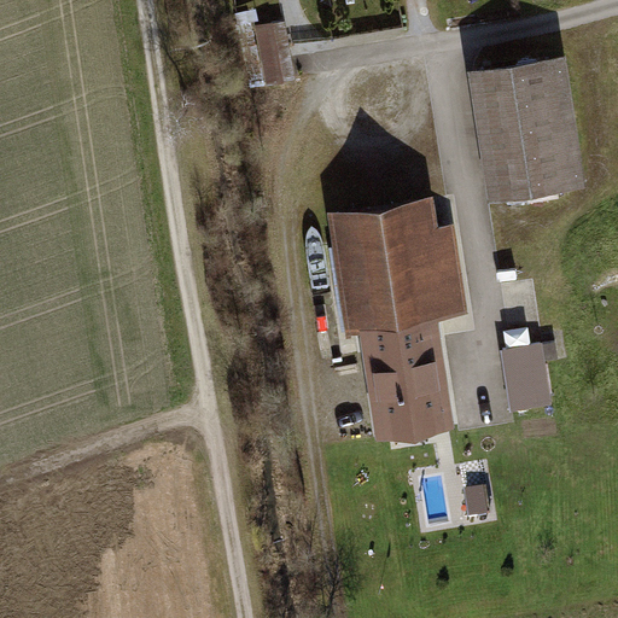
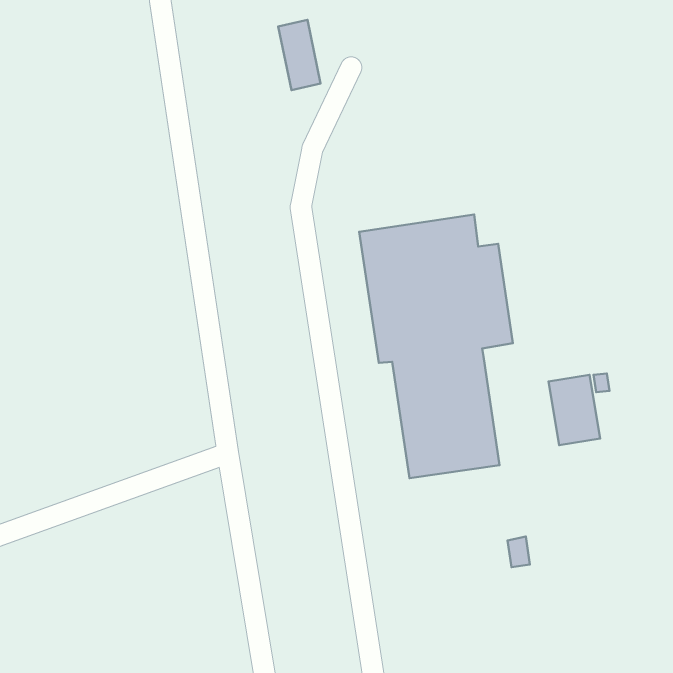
building: [468,58,585,202] -> none

